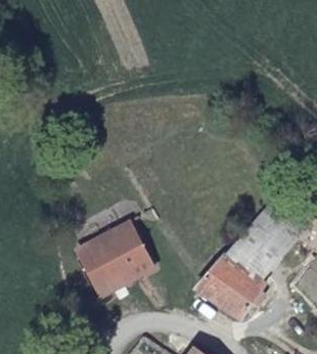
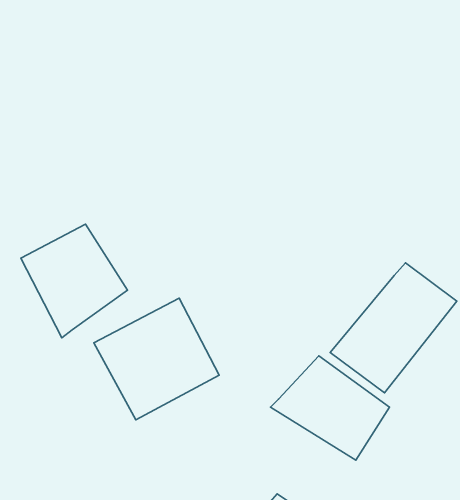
building: none -> [21,224,127,338]

